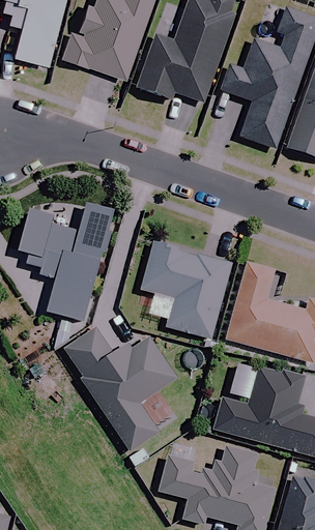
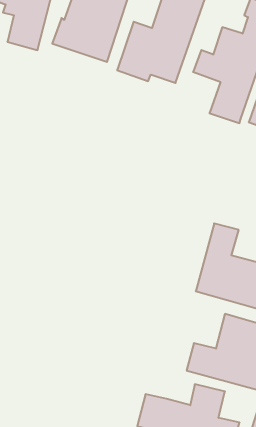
building: [18,206,113,321] -> none
building: [142,241,232,338] -> none
building: [64,327,176,451] -> none

